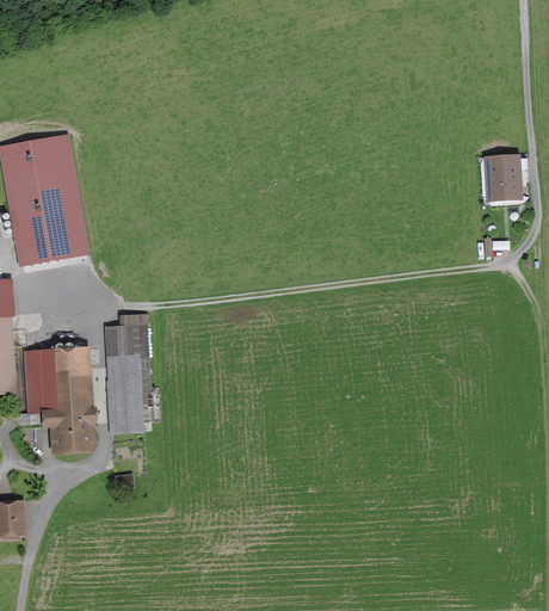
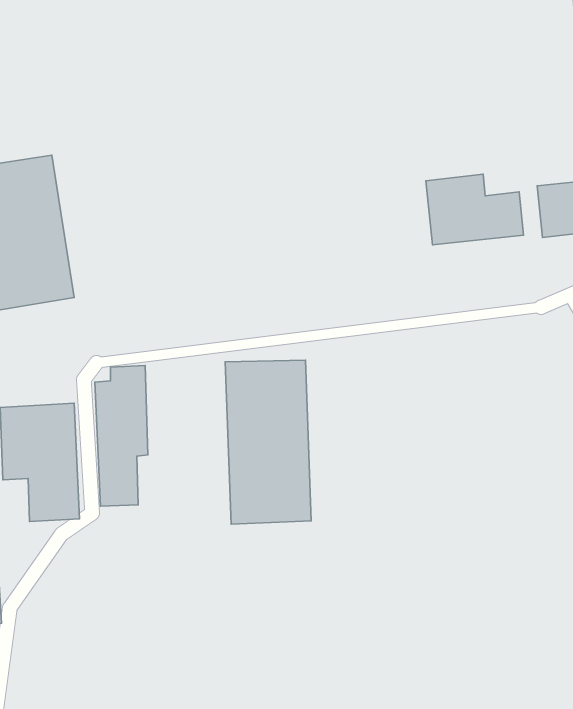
building: none -> [426,174,524,245]
building: none -> [225,360,311,524]

